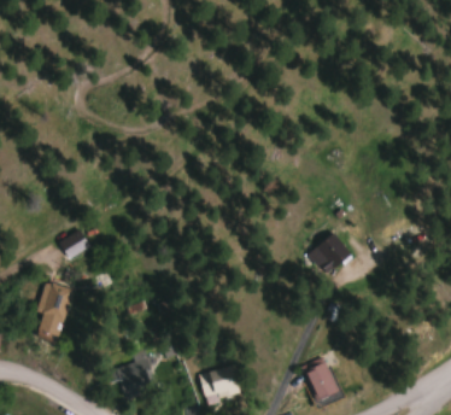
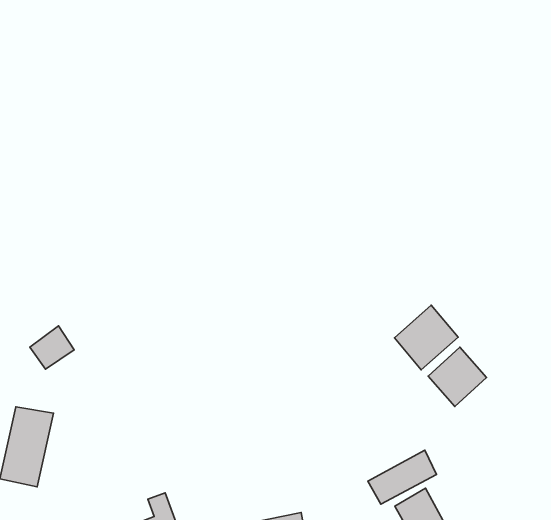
building: none -> [428,347,487,407]
building: none -> [368,450,437,504]

